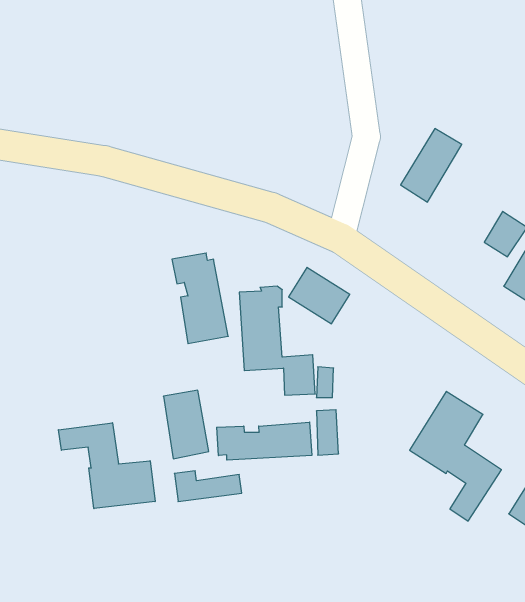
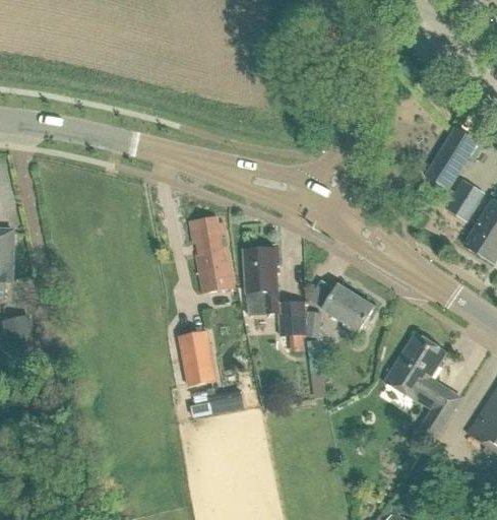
building: [401,129,462,202] -> [425,127,476,188]
building: [289,267,350,324] -> [323,283,374,330]
building: [217,422,312,460] -> none
building: [58,423,155,509] -> none

